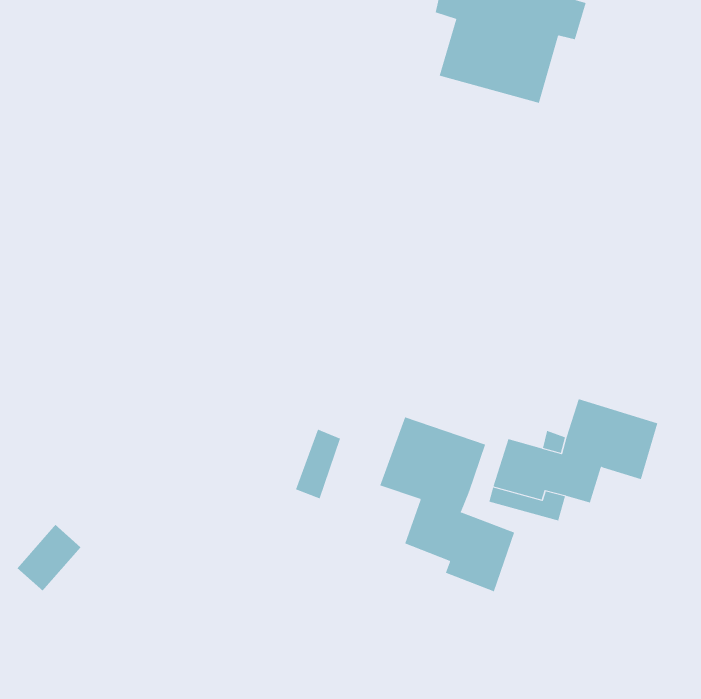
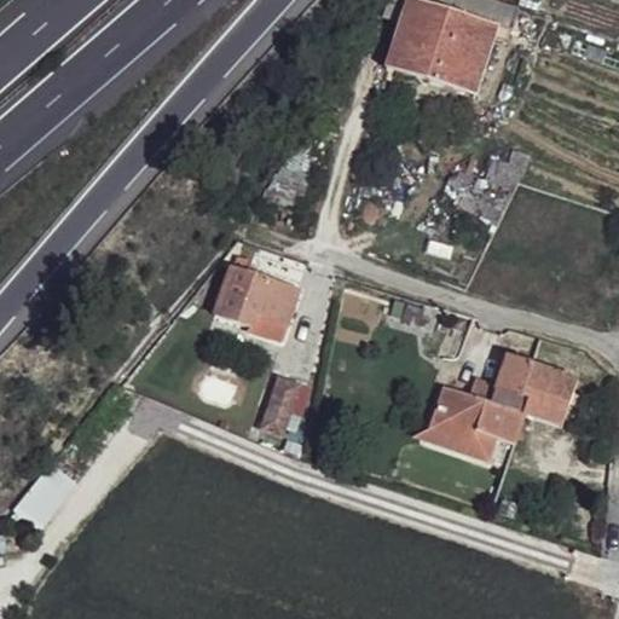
building: none -> [215,267,297,329]
building: [380,416,515,592] -> none

